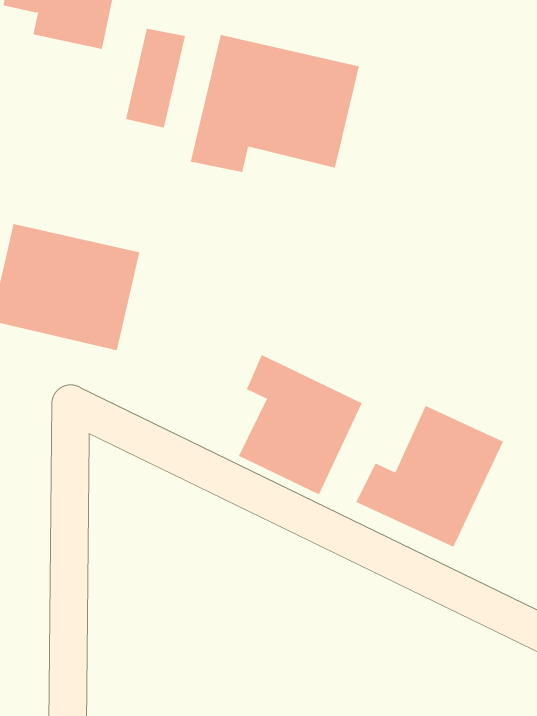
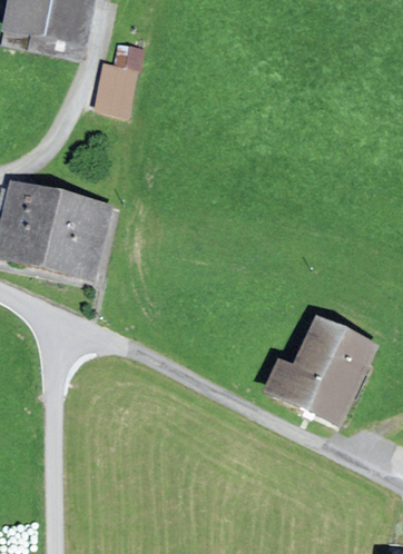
building: [190,34,360,173] -> none
building: [238,354,363,495] -> none

